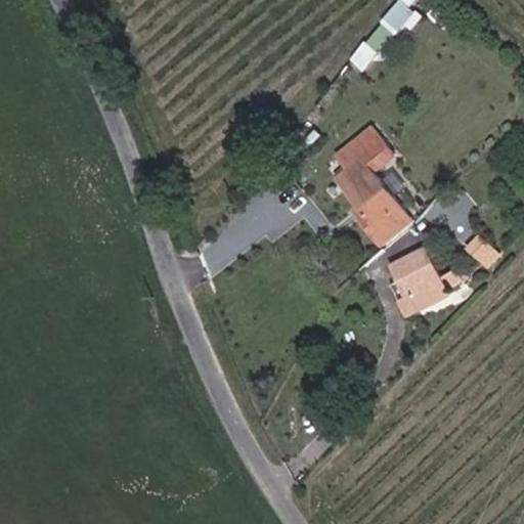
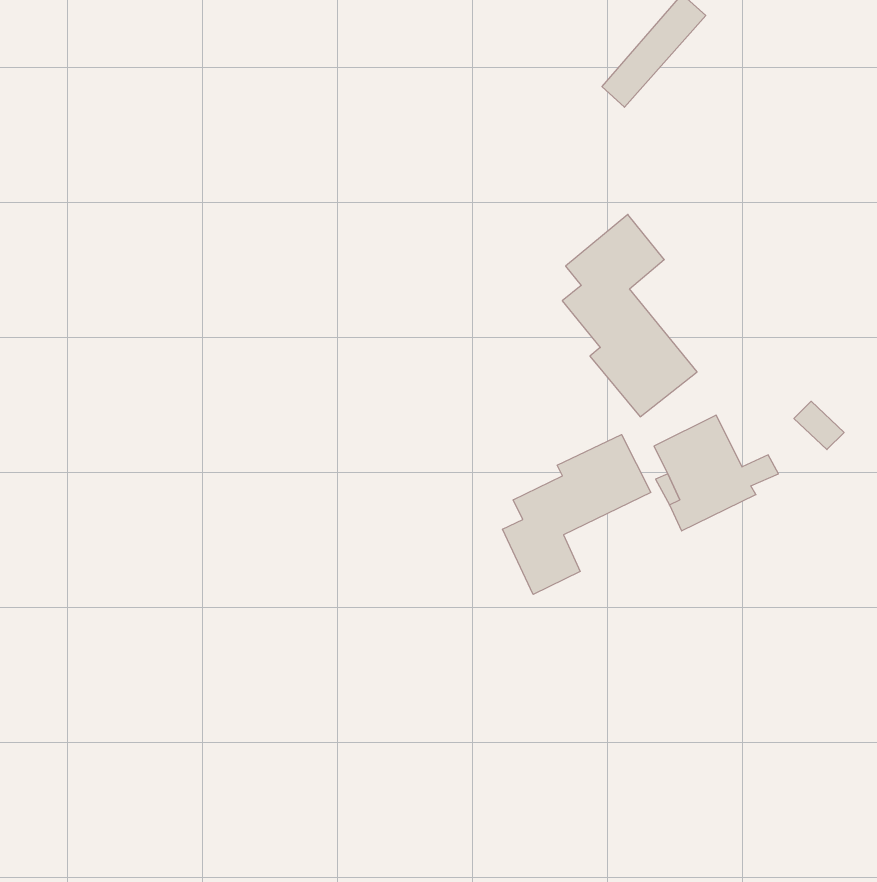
building: none -> [503,435,651,594]

